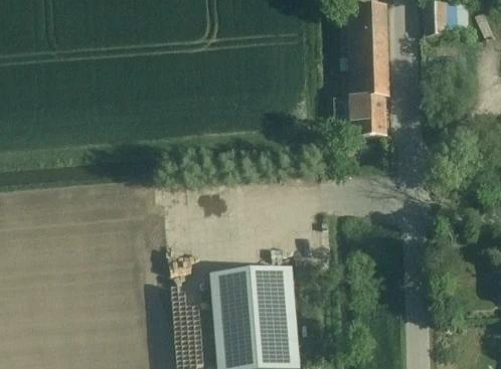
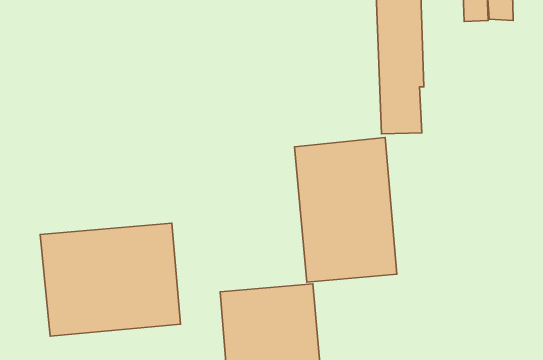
building: none -> [295,137,397,282]
building: none -> [40,223,181,336]

